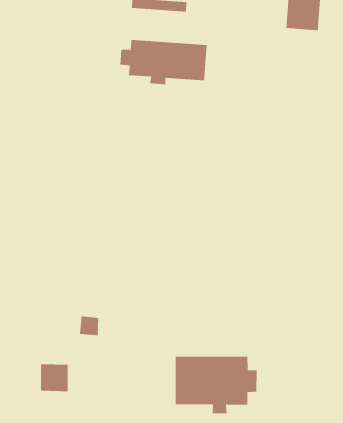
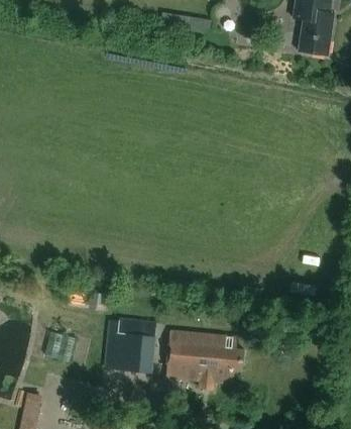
building: [120,39,207,85] -> none
building: none -> [105,320,154,373]

